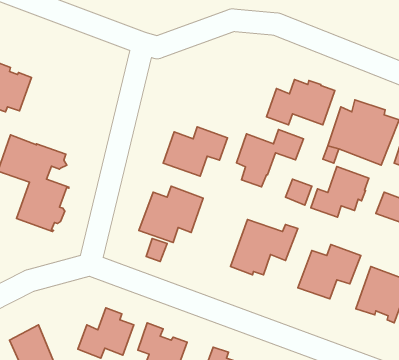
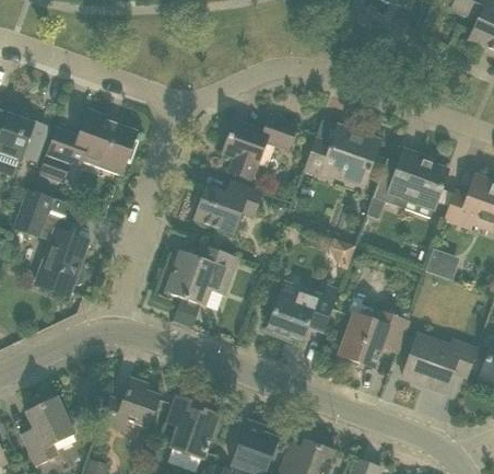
building: none -> [38,111,136,184]
building: [236,130,304,187] -> [223,116,296,178]
building: [311,167,369,217] -> none

